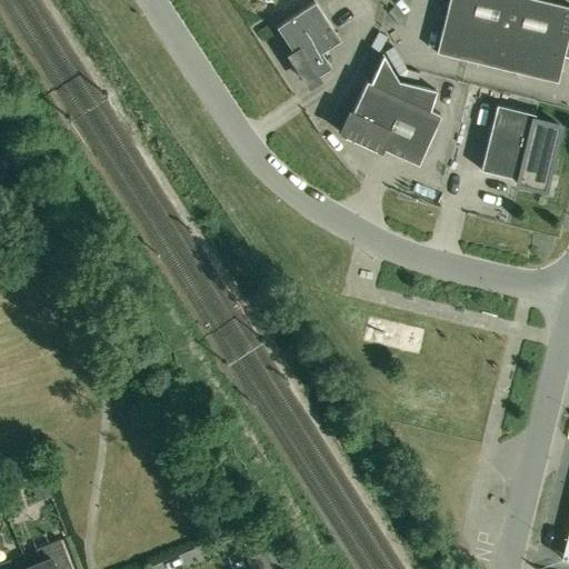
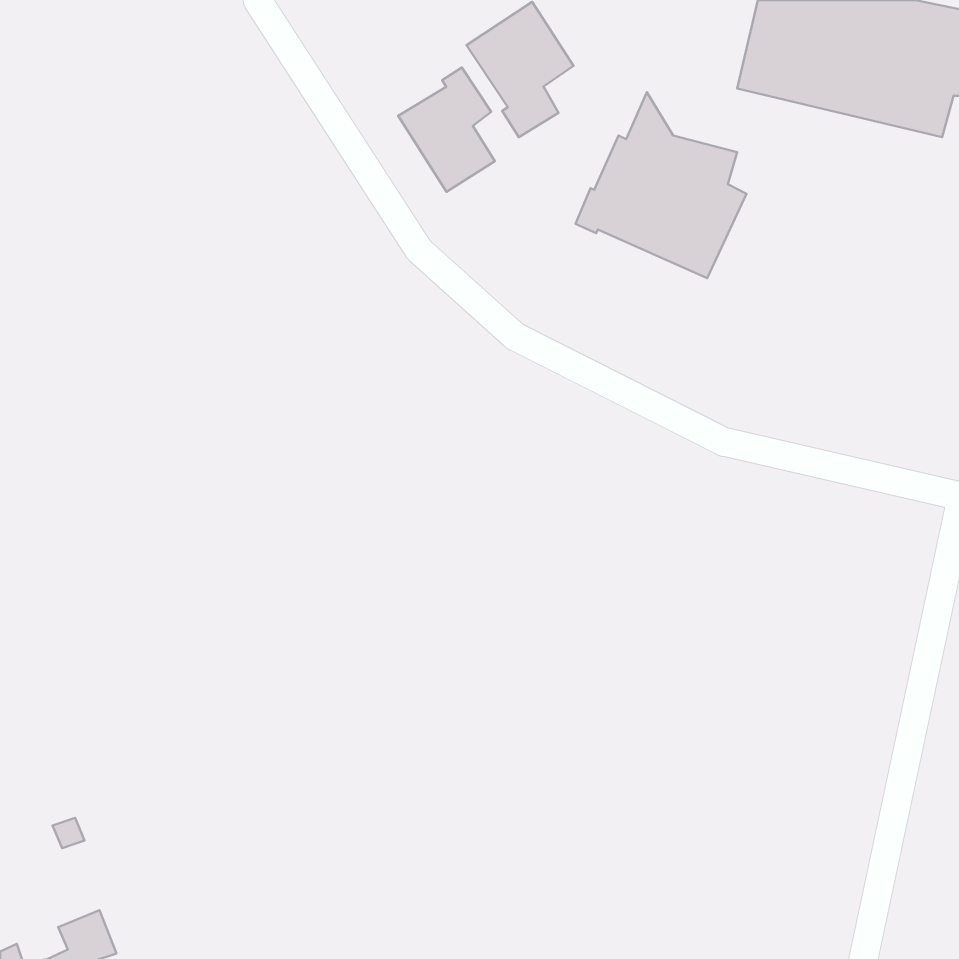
building: none -> [398,68,495,192]
building: [481,106,561,191] -> none

